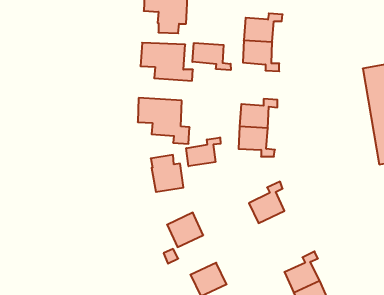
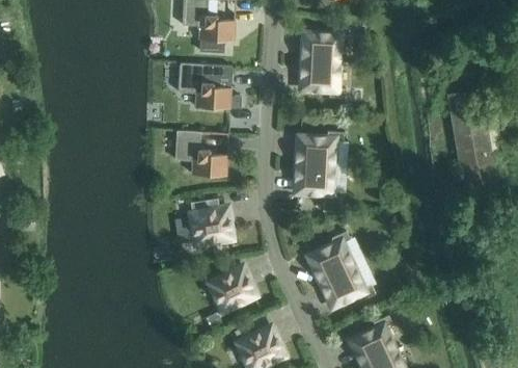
building: [192,43,231,70] -> none
building: [186,137,221,166] -> none
building: none -> [319,265,374,305]

